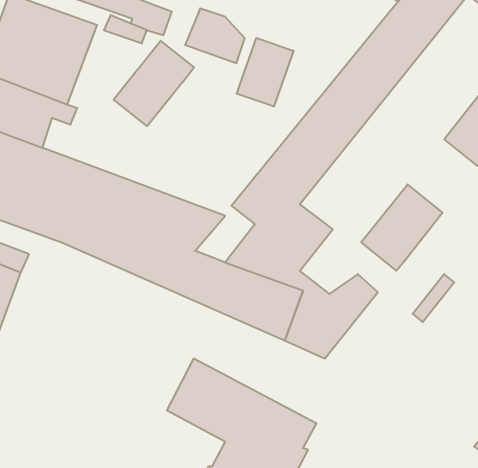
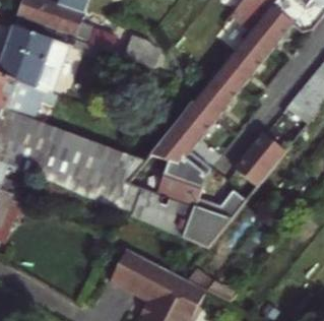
building: [237,38,294,107] -> none
building: [114,41,194,126] -> none

